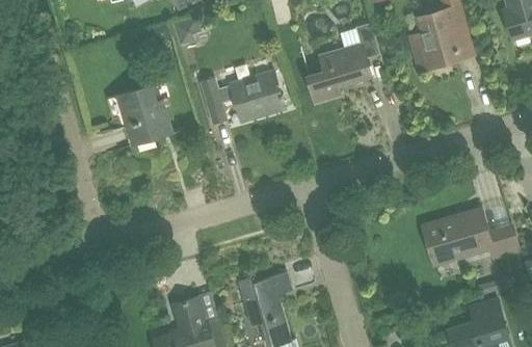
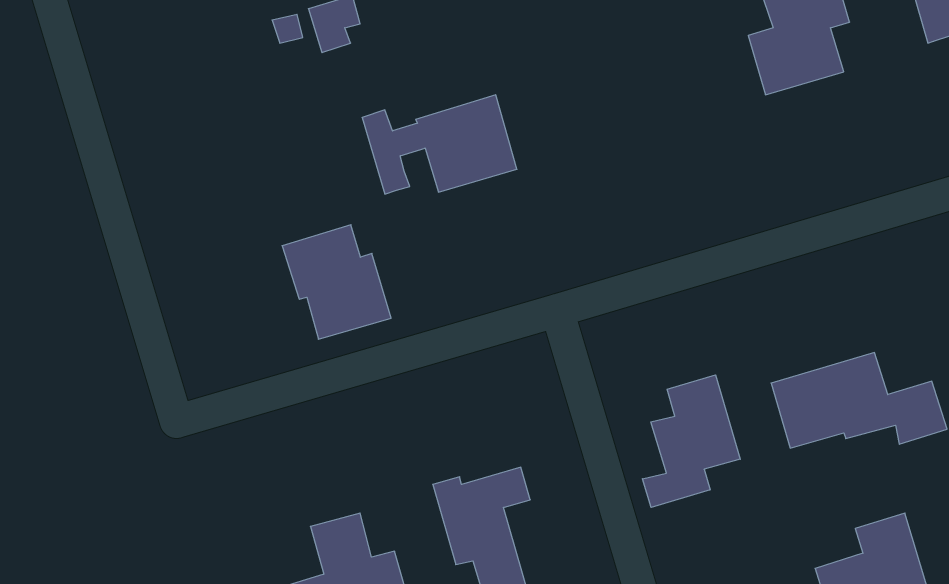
building: [308,22,380,101] -> none
building: [114,83,174,145] -> [282,225,391,339]
building: none -> [642,375,740,507]

